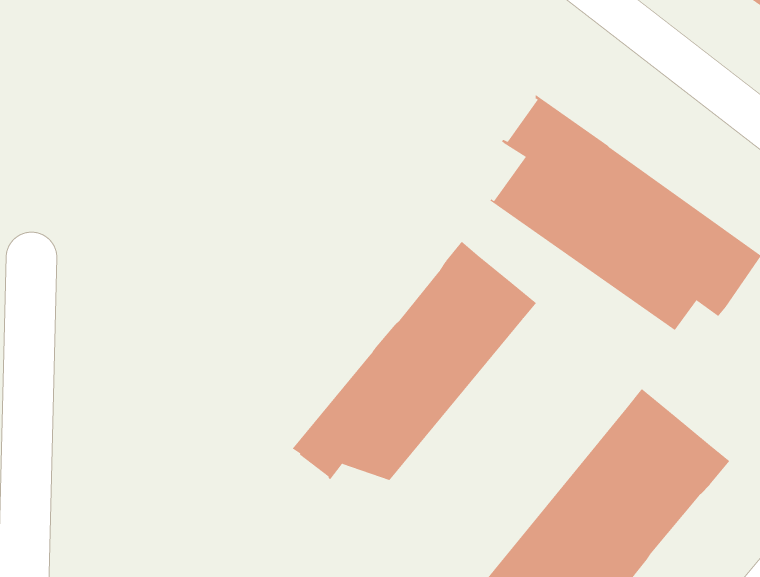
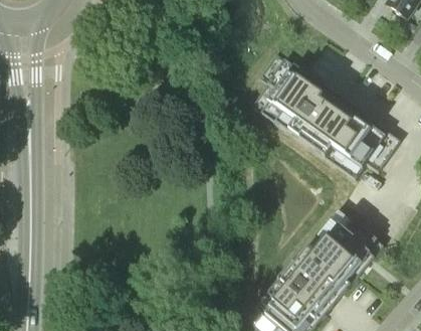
building: [292,241,537,481] -> none

